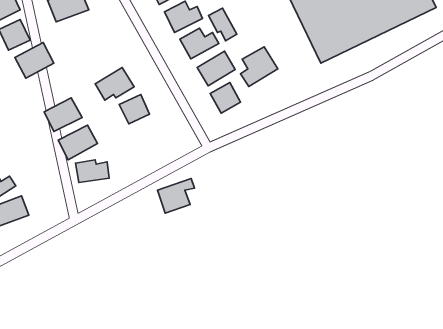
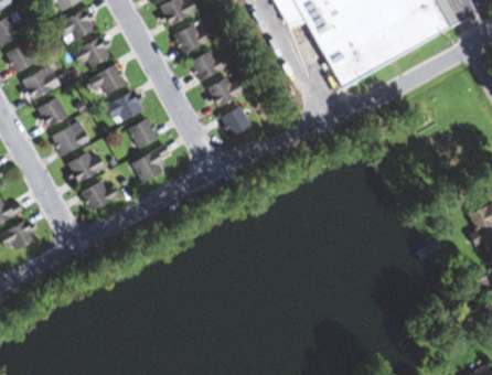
building: [208,8,237,41] -> none
building: none -> [71,36,110,72]
building: none -> [89,63,127,98]
building: [241,47,278,86] -> none
building: none -> [35,96,68,129]
building: [158,178,195,213] -> [132,147,170,182]

